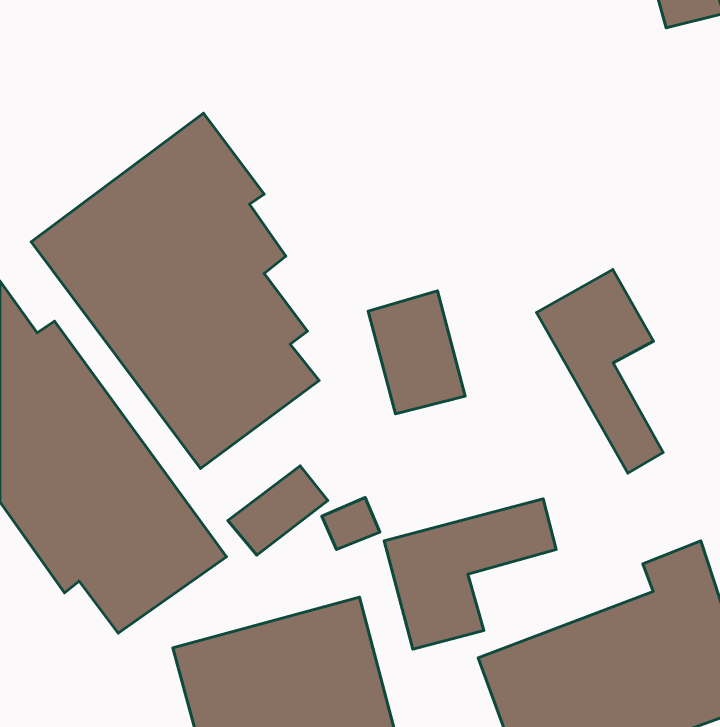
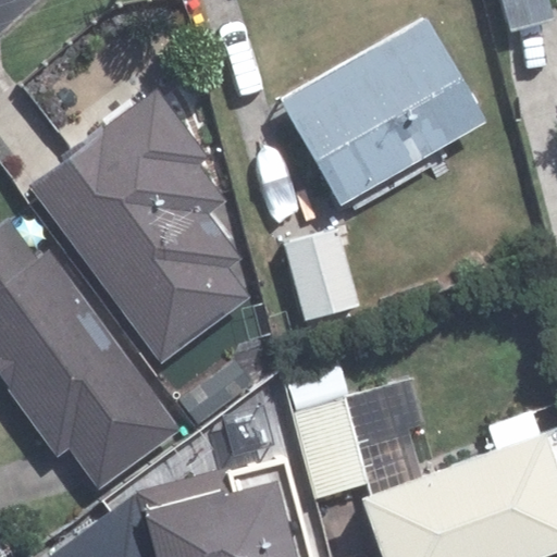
building: none -> [280,18,480,200]
building: [536,270,663,473] -> none

